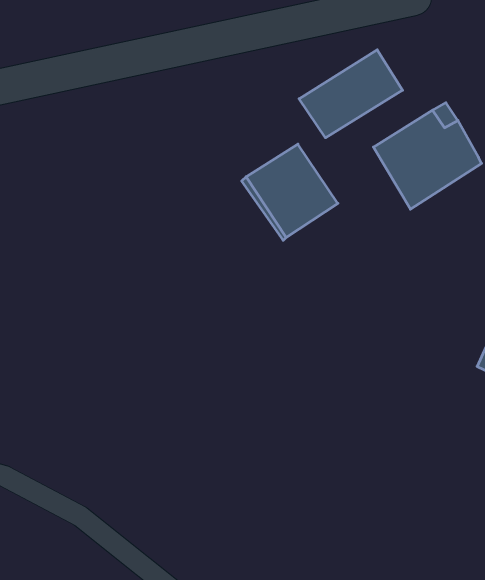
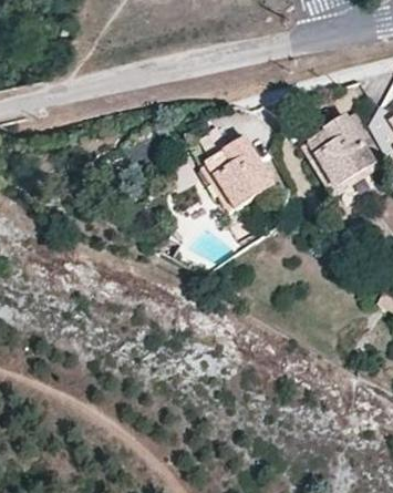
building: [299,50,403,138] -> none

